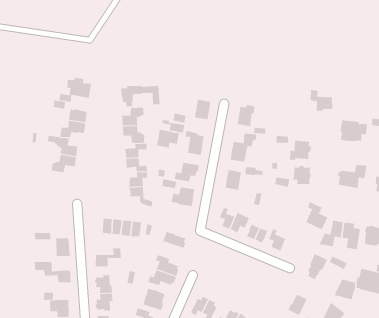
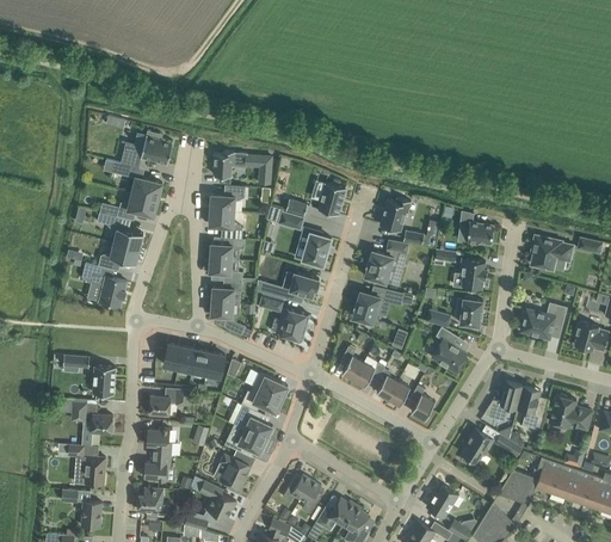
building: [310,89,333,111] -> [458,210,493,245]
building: [157,129,180,149] -> none
building: none -> [81,263,126,307]
building: [305,201,328,230] -> [431,327,465,371]
building: none -> [240,387,283,413]

